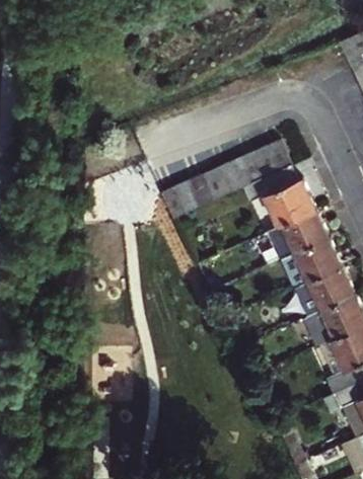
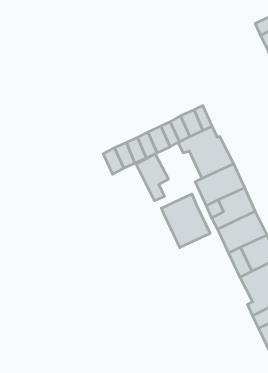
building: none -> [136,154,168,201]
building: none -> [161,194,210,248]

